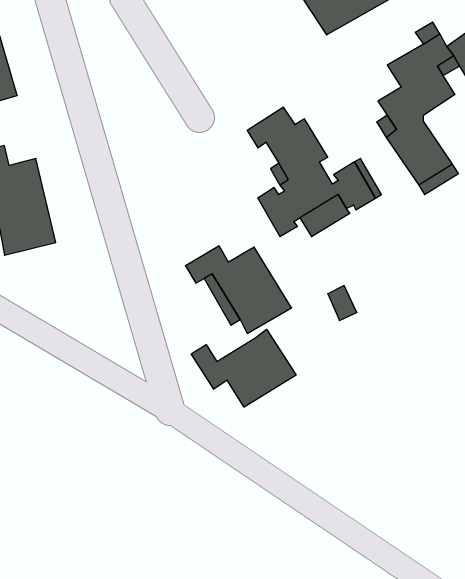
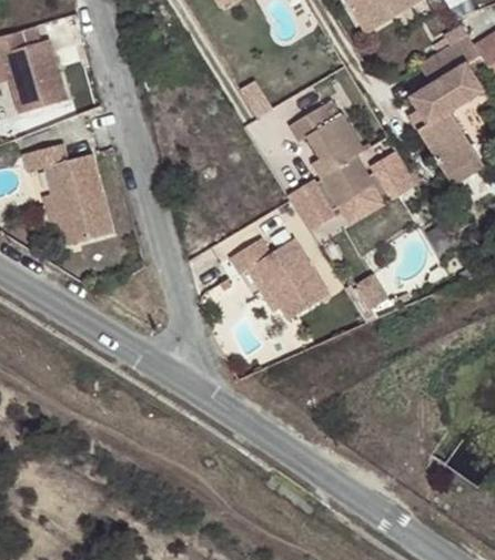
building: [191,329,296,407] -> none

